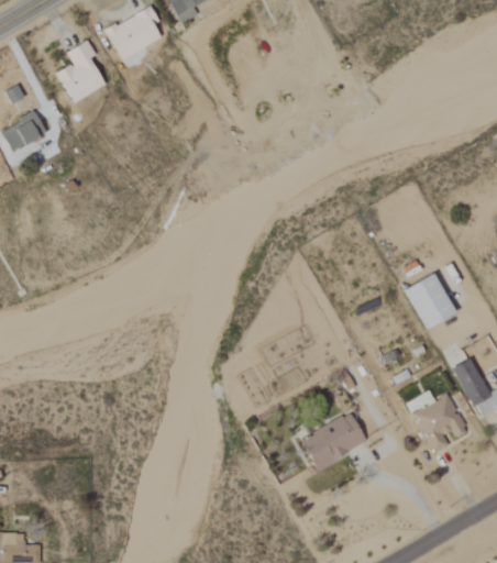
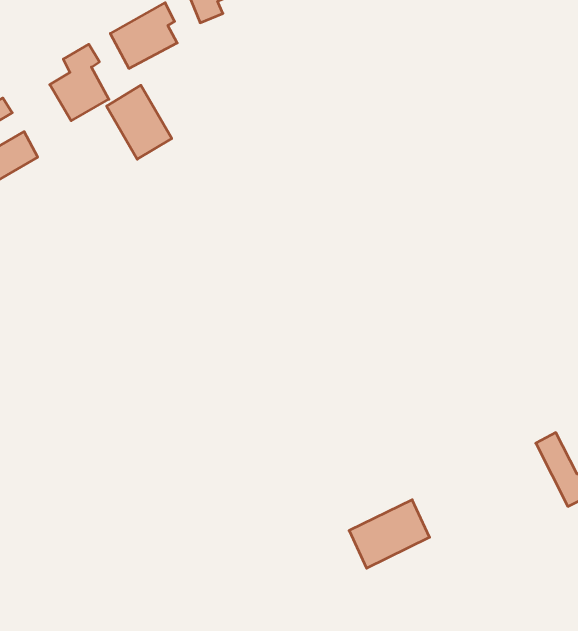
building: none -> [107,85,172,159]
building: [406,273,455,329] -> none
building: [412,395,468,454] -> none

